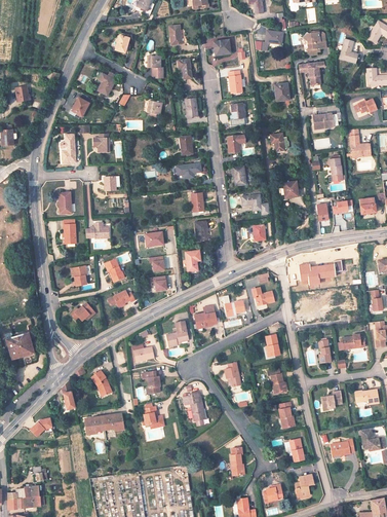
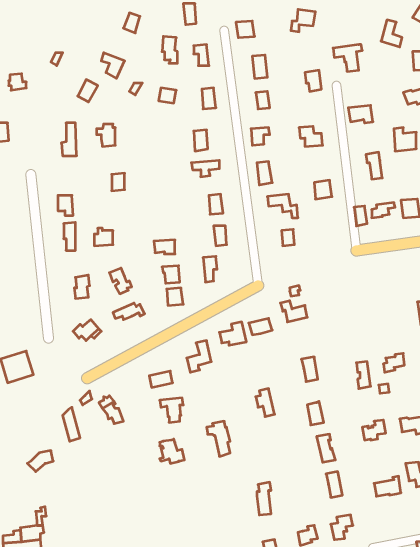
building: [301,34,324,57] -> none
building: [299,264,336,285] -> none
building: [89,414,127,435] -> none

